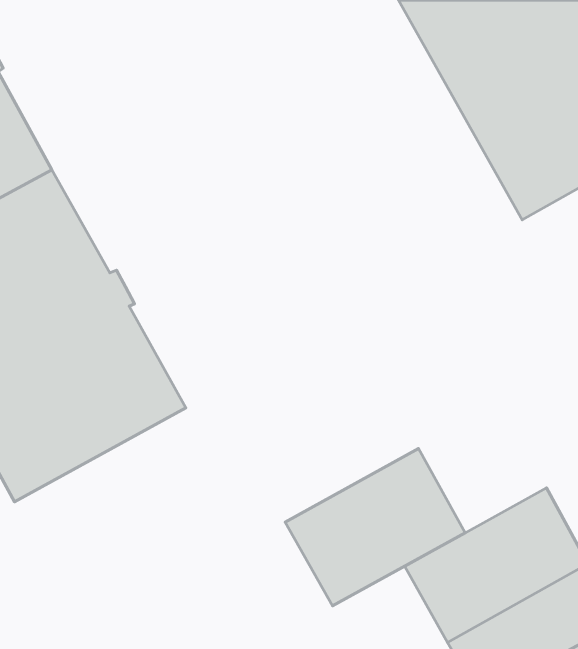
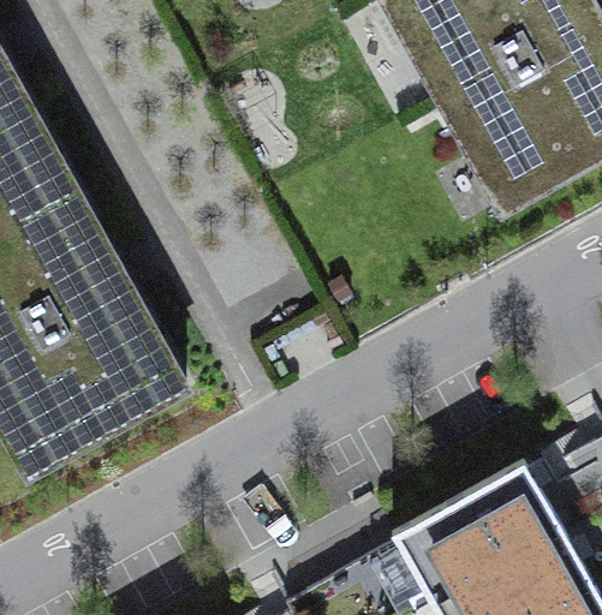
building: [285,448,465,606] -> none

